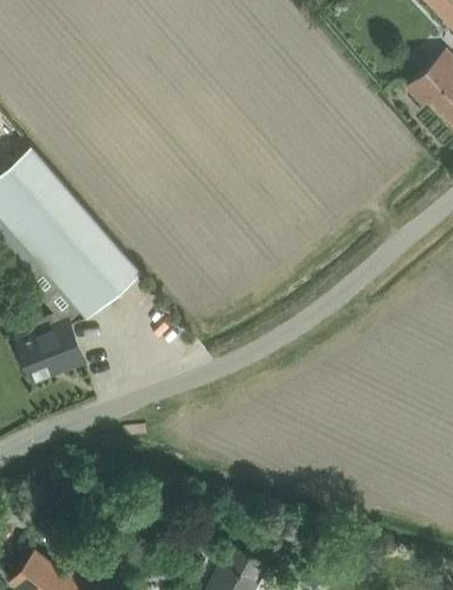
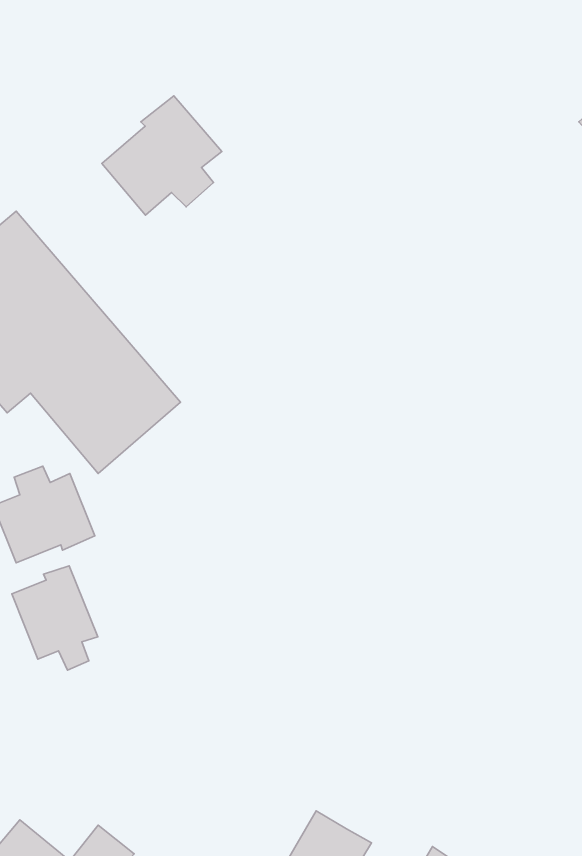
building: none -> [102,96,222,215]
building: none -> [12,566,98,670]

